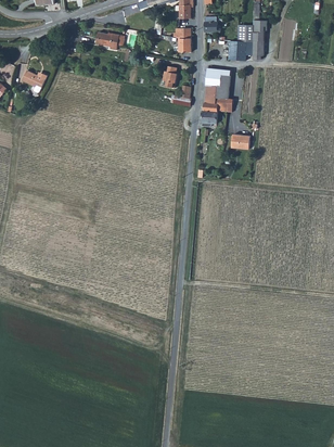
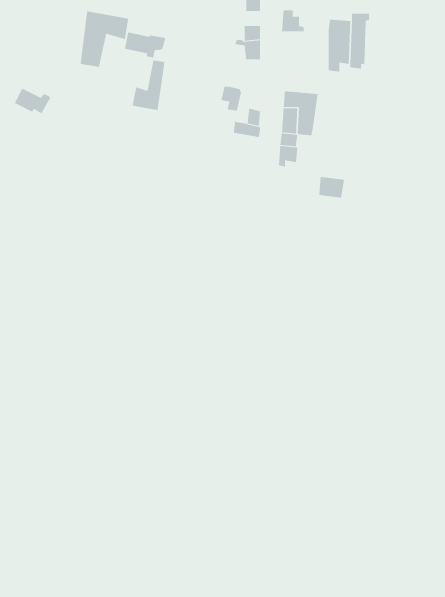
building: none -> [80,10,129,68]
building: none -> [132,60,165,111]

